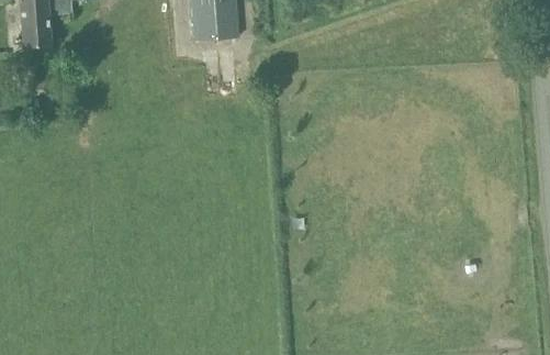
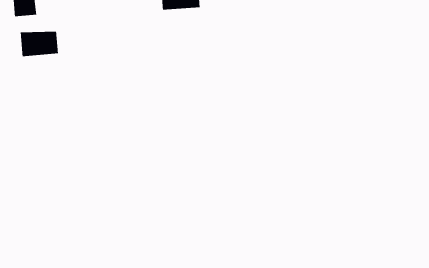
building: none -> [20,31,59,57]

